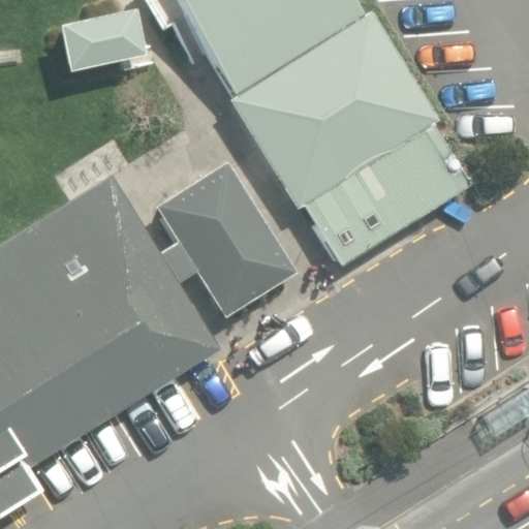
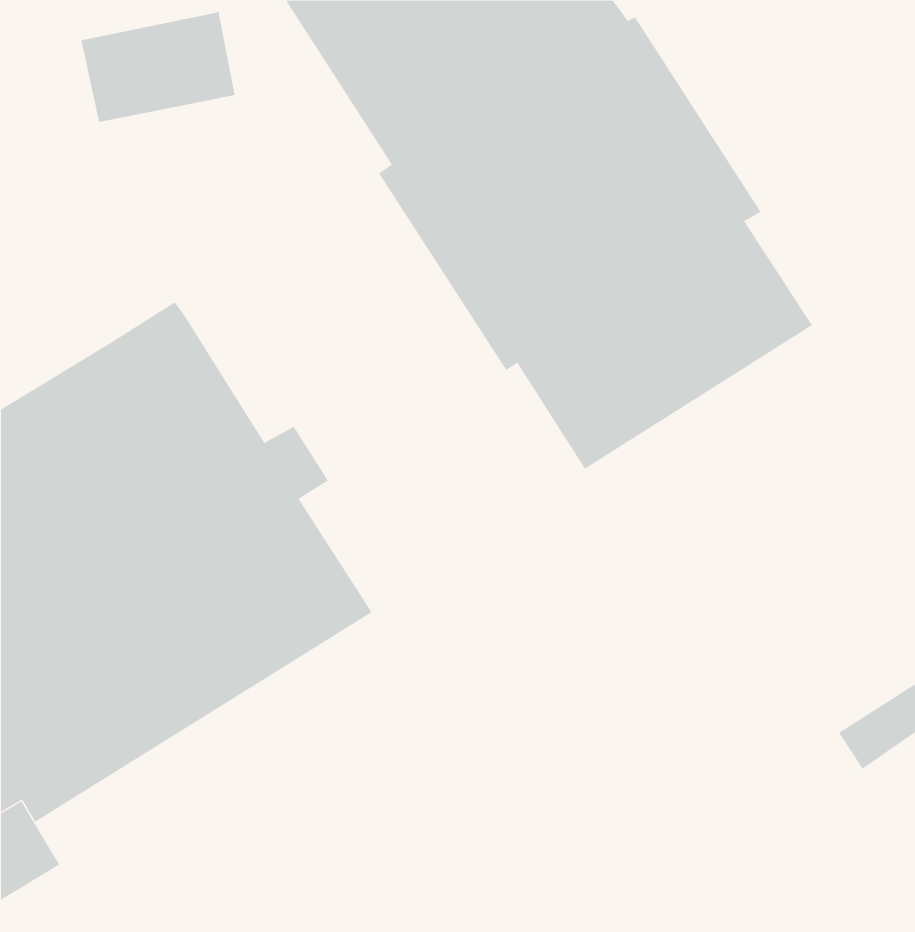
building: [154,160,299,319] -> none

